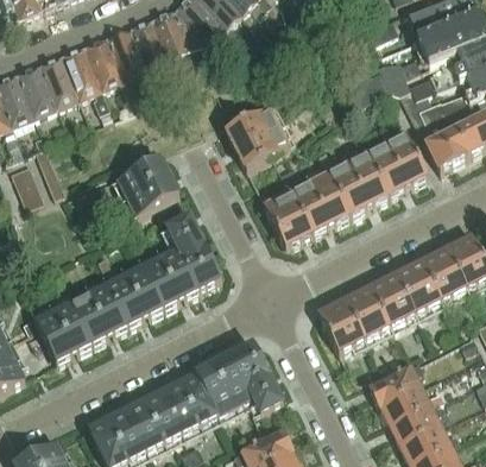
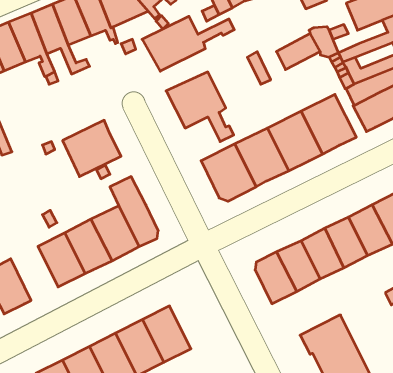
building: none -> [142,16,234,71]
building: [62,291,112,348] -> none
building: [229,346,282,414] -> none

